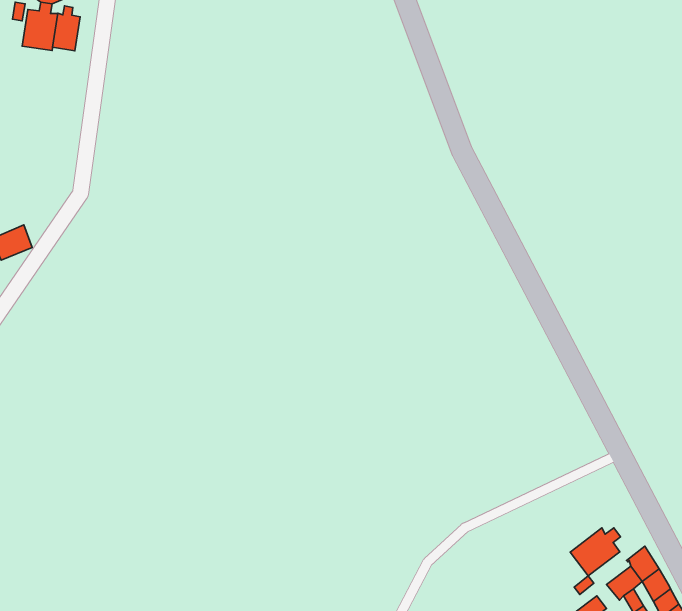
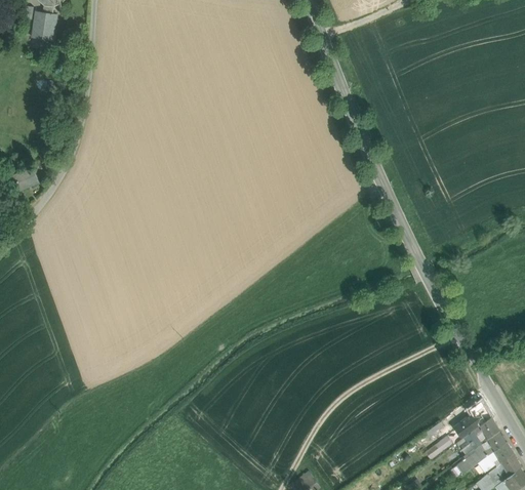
building: [53,6,80,51] -> none
building: [570,528,620,576] -> none

